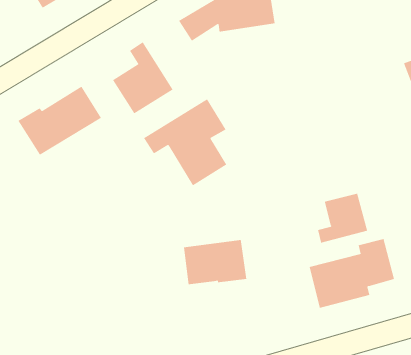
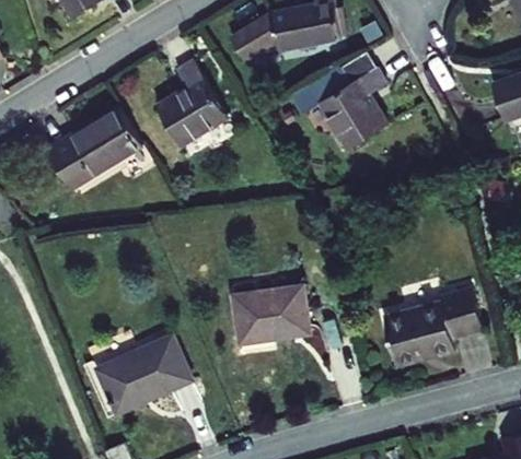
building: [143,98,227,186] -> [291,50,389,152]
building: [317,193,368,244] -> none
building: none -> [99,336,194,414]

